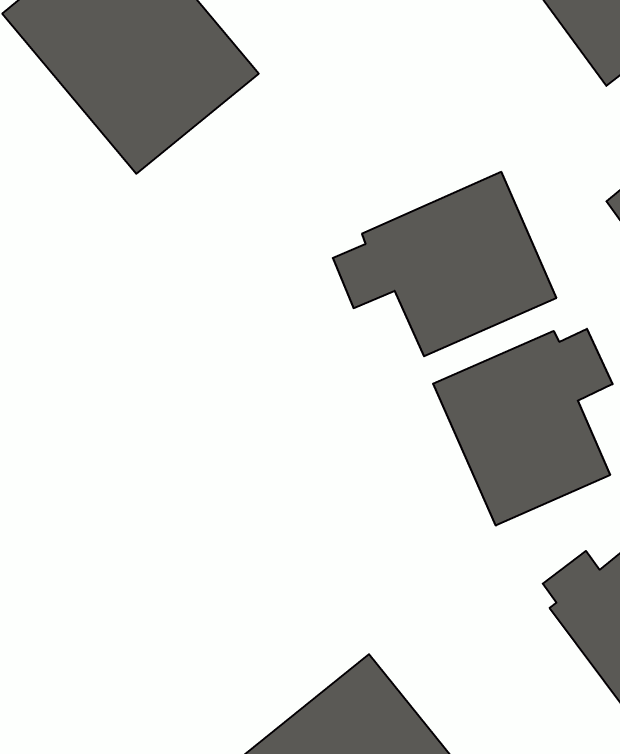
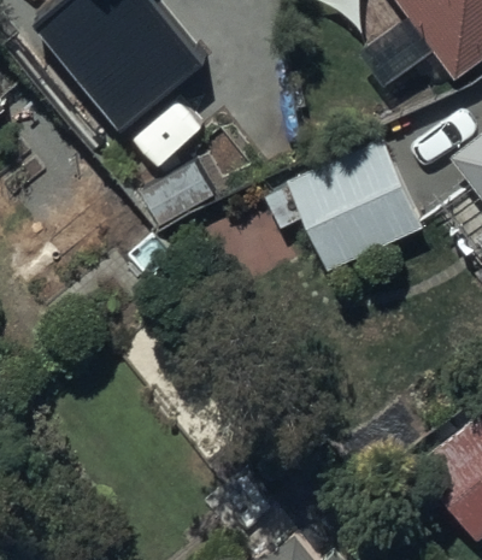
building: [433,329,613,526] -> none

